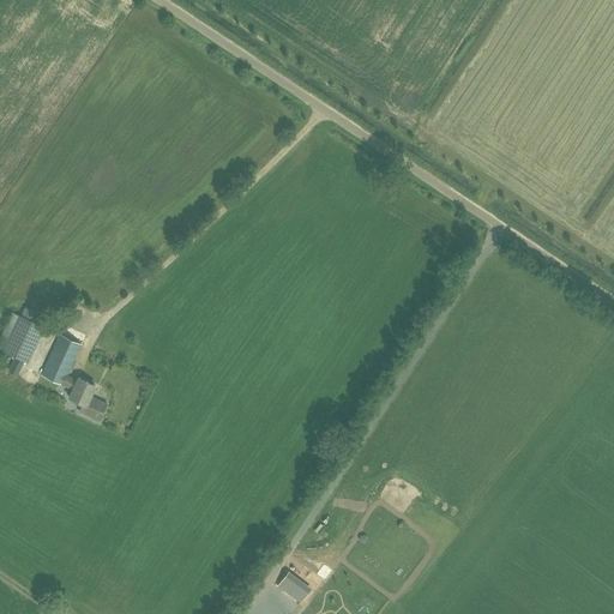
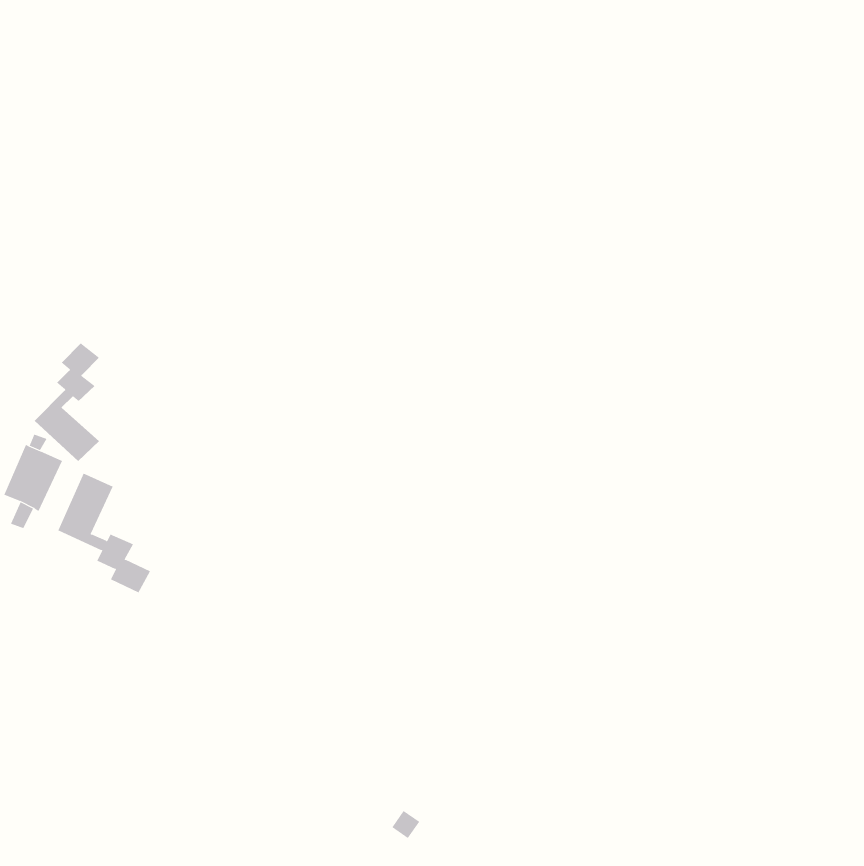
building: none -> [34,342,100,462]

